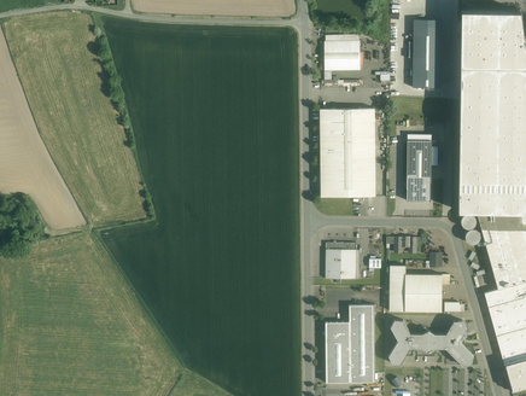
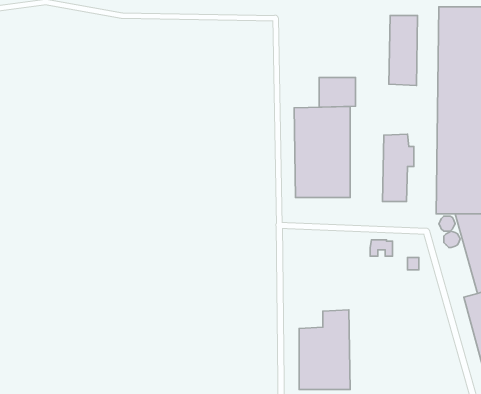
building: [325,41,360,70] -> [319,77,355,107]
building: [326,249,356,279] -> none
building: [390,264,442,311] -> none
building: [388,319,473,365] -> none

